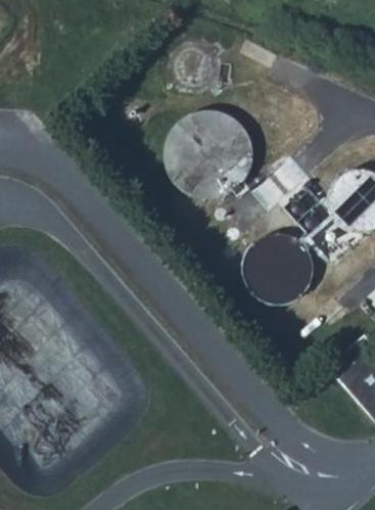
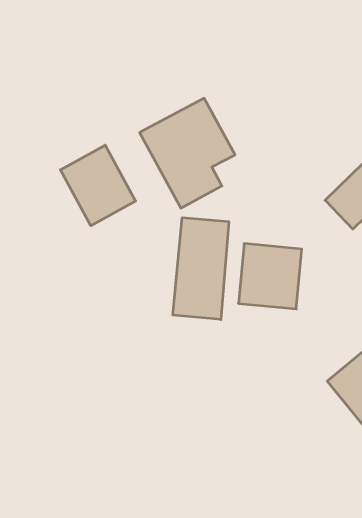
building: none -> [60,145,136,226]
building: none -> [173,218,229,320]

